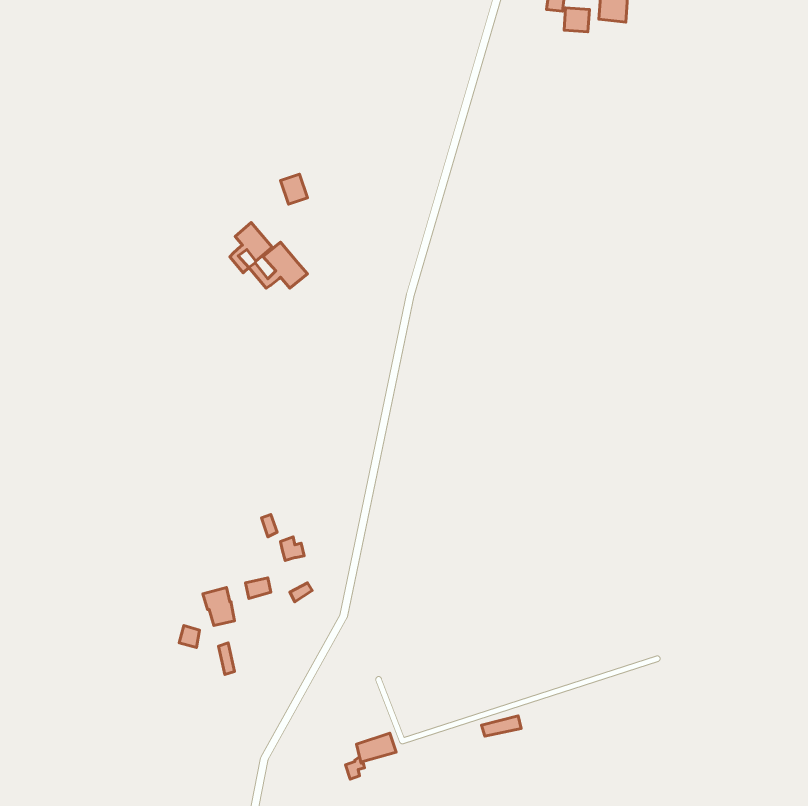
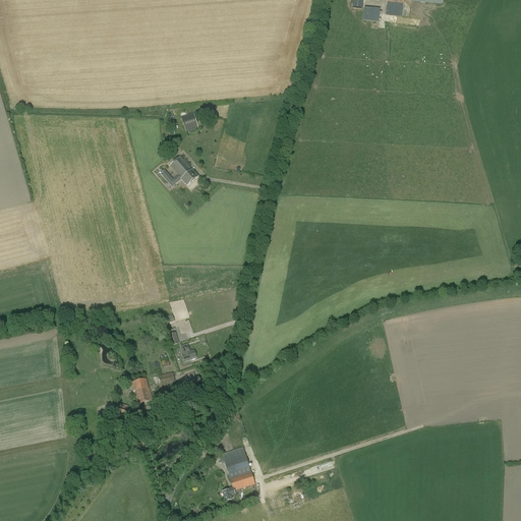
building: [230,223,272,273] -> none
building: none -> [221,447,250,478]

